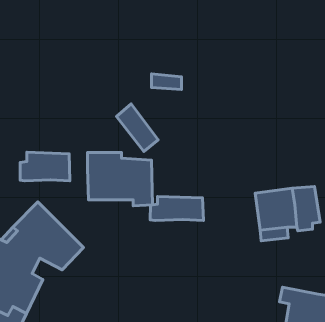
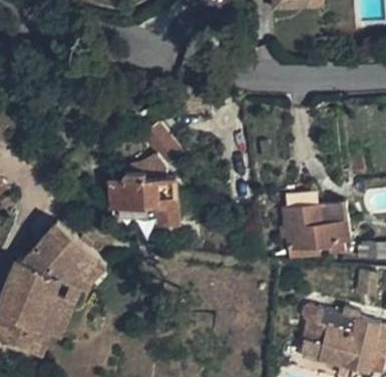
building: [20,152,70,181] -> none
building: [150,196,203,220] -> none

